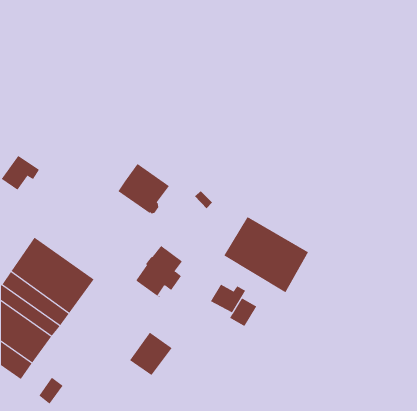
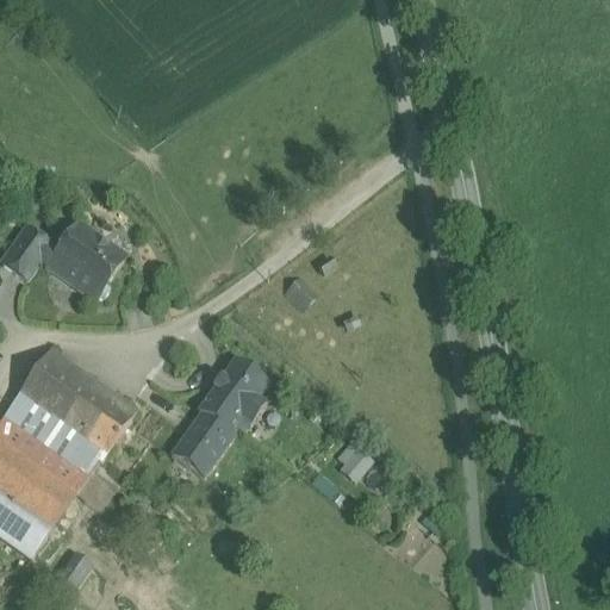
building: [118,163,170,214] -> [49,222,125,295]
building: [223,216,309,293] -> none
building: [210,284,246,313] -> none
building: [129,332,172,376] -> [170,411,234,475]

